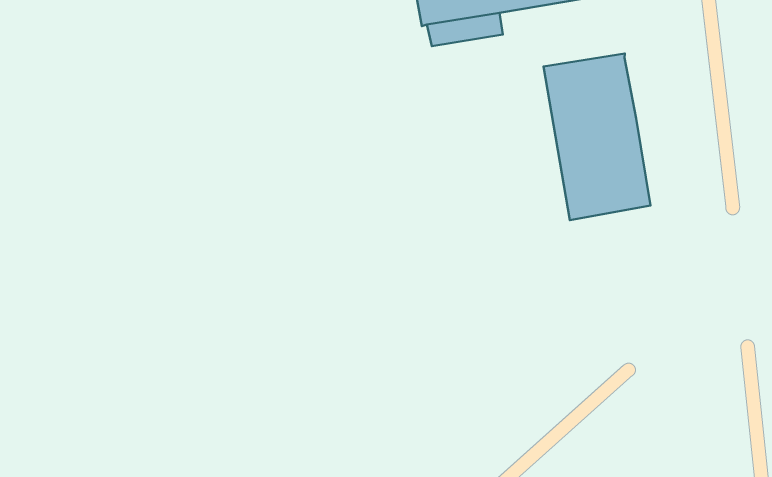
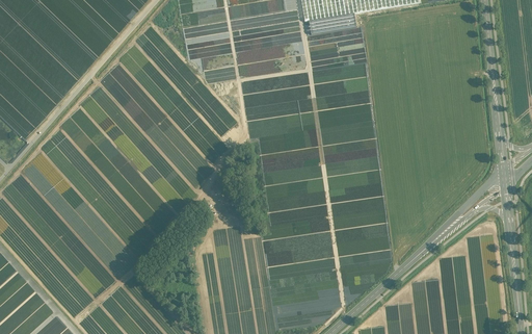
building: [544,53,650,220] -> none

